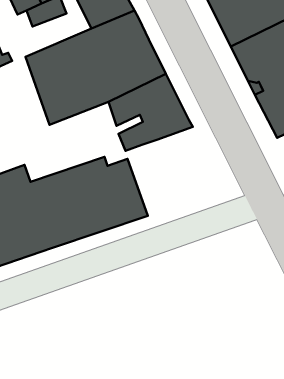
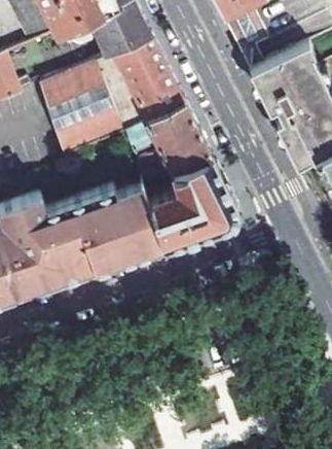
building: none -> [141,156,234,247]

